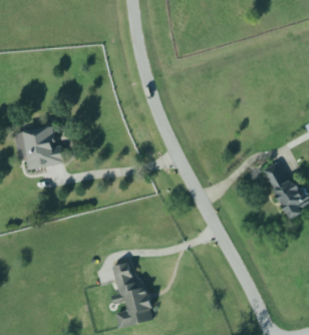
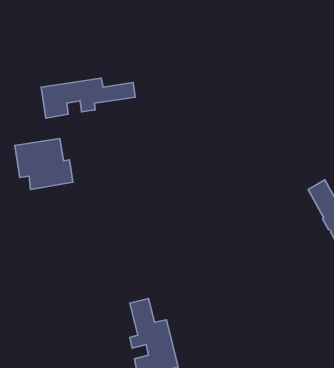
building: none -> [41,78,135,118]

